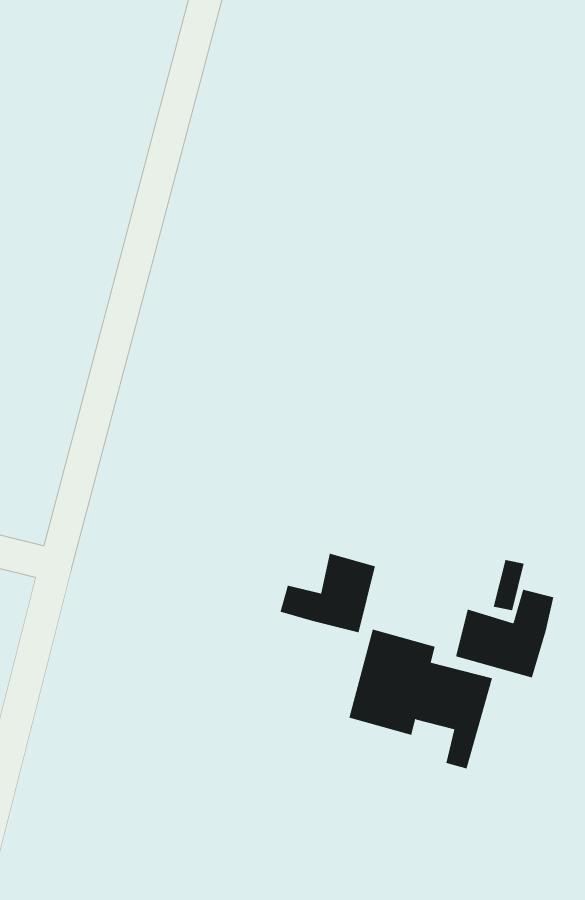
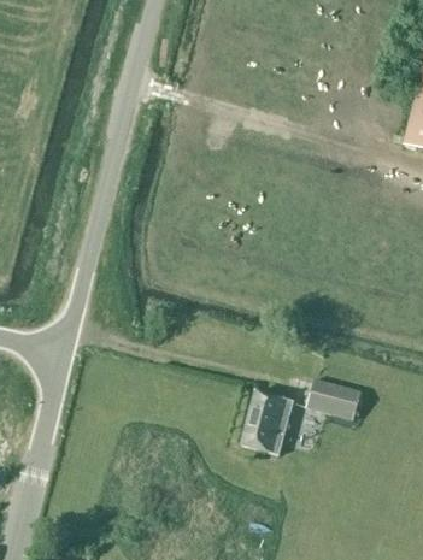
building: [280,553,375,633] -> none

